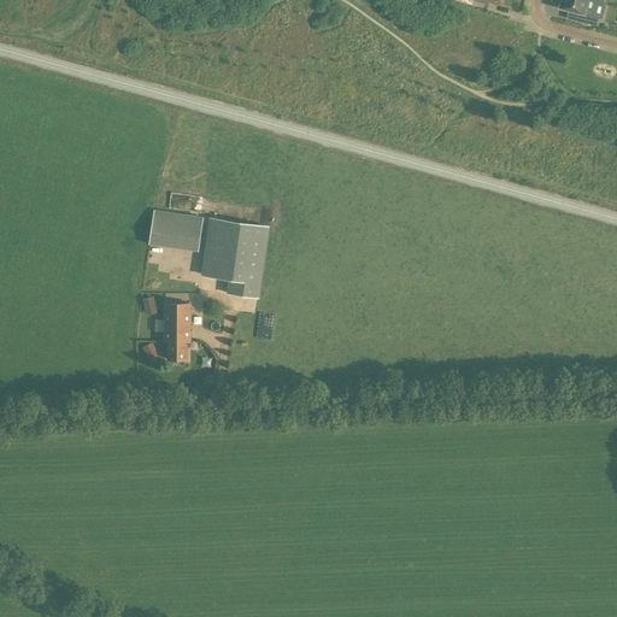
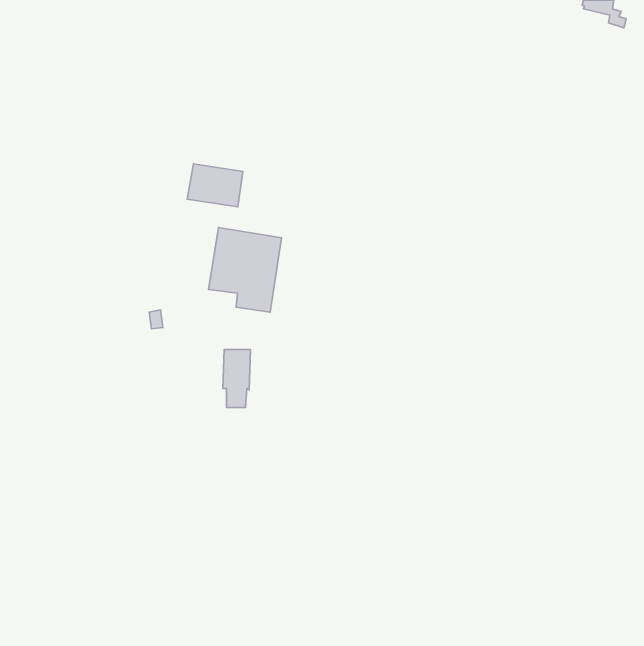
building: [147,211,200,252] -> [187,164,243,207]
building: [163,304,189,359] -> [223,349,251,408]

